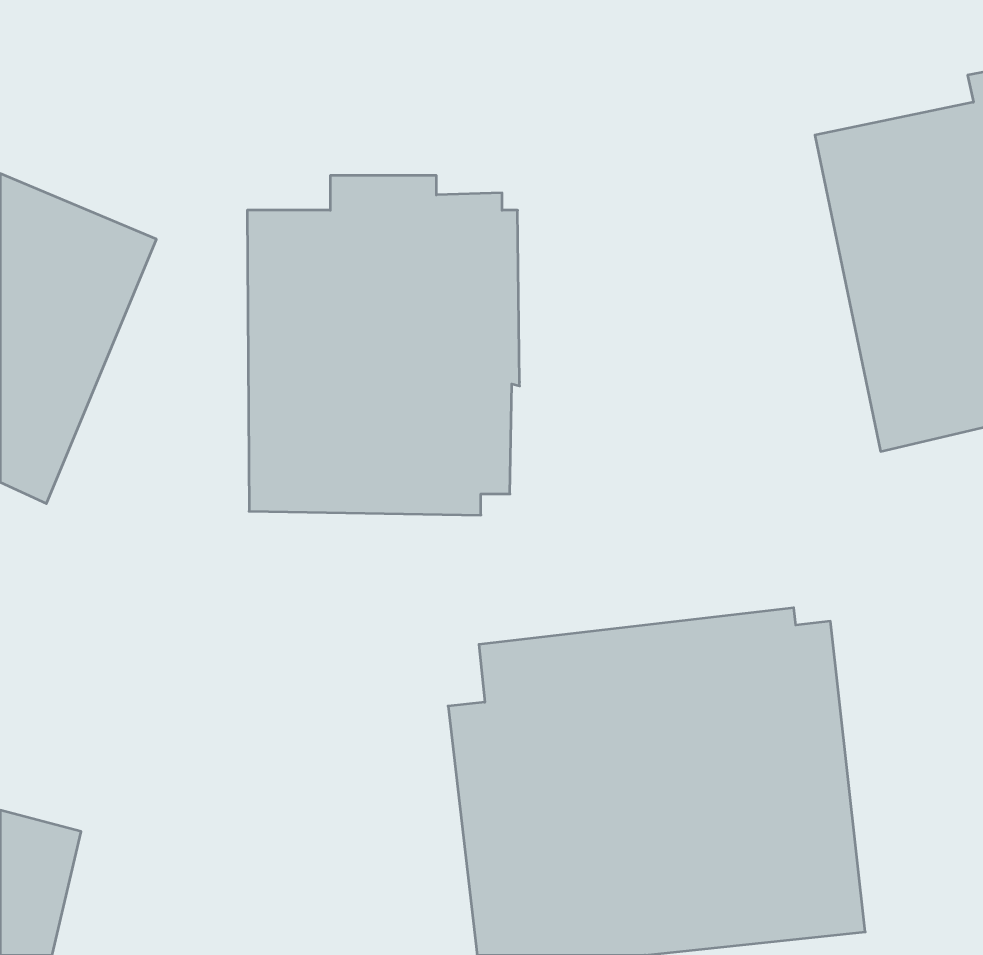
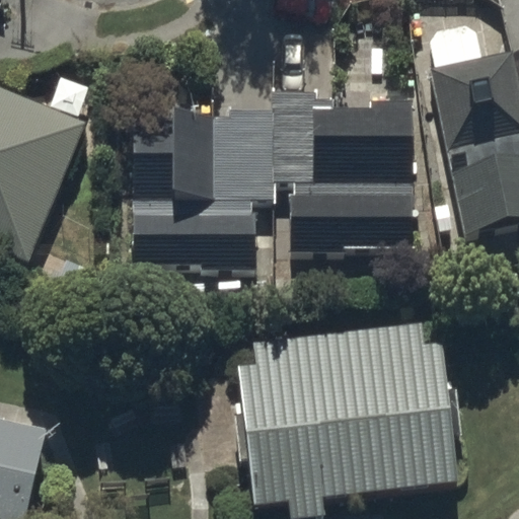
building: none -> [275,93,413,254]

